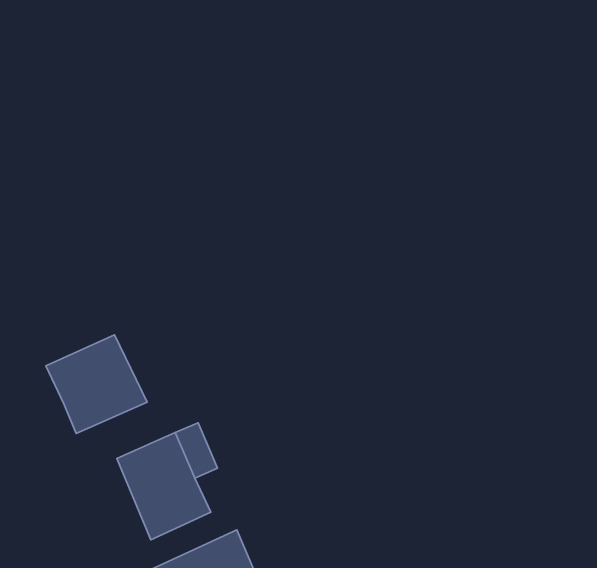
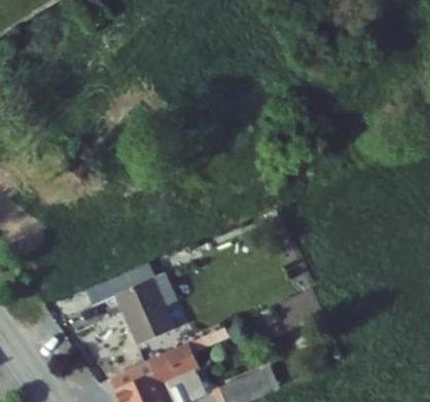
building: [46,335,147,433] -> none

